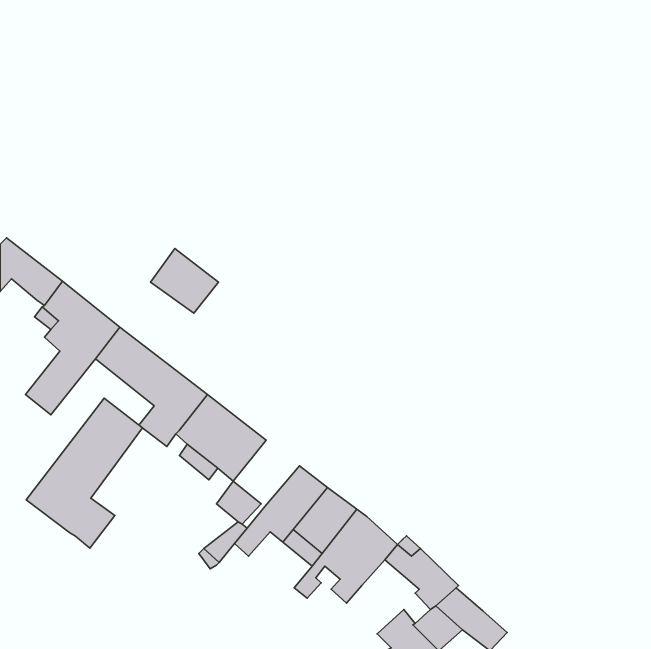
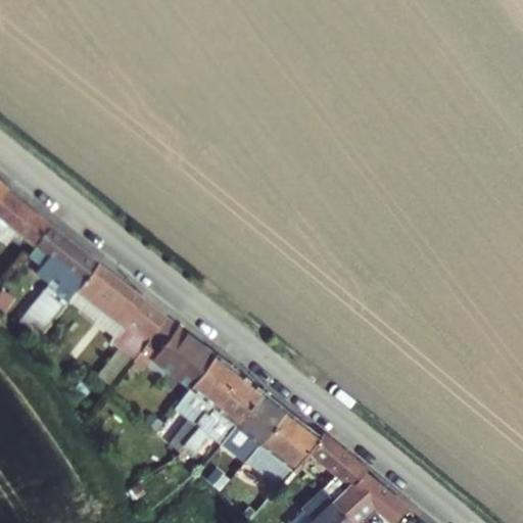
building: [151,249,219,313] -> none
building: [26,398,142,548] -> none
building: none -> [187,354,240,408]

